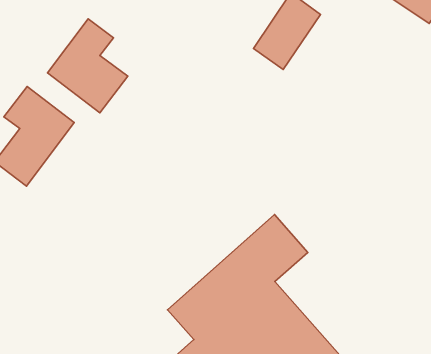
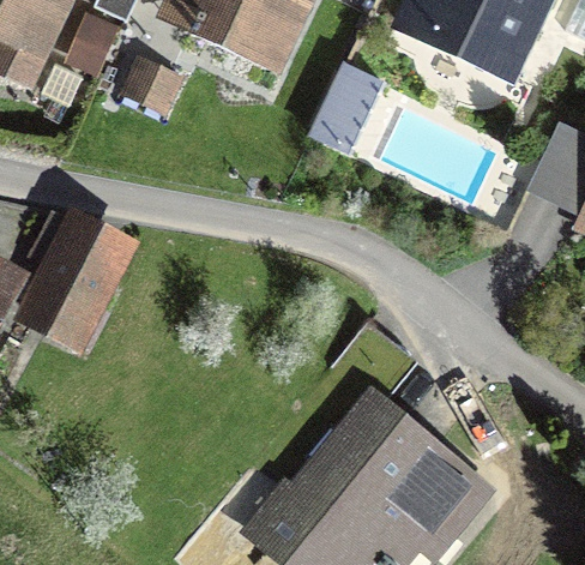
building: [48,19,128,113] -> none

